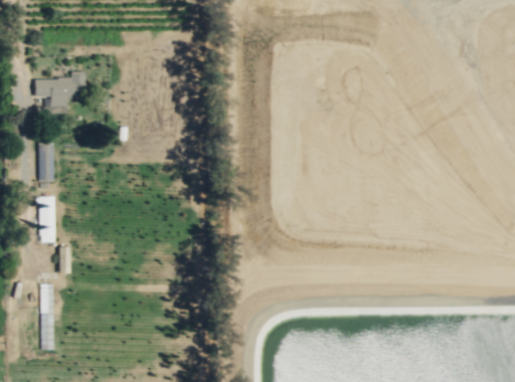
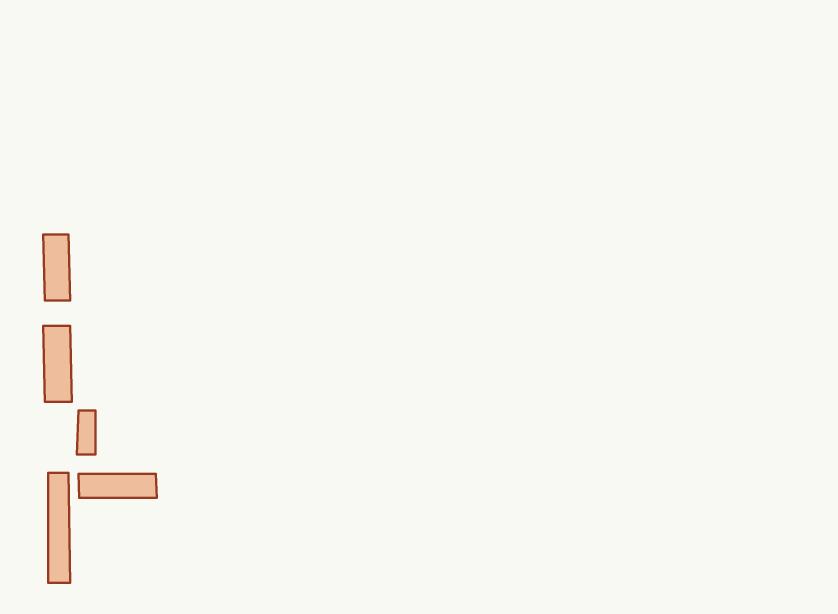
building: [34,71,85,107] -> none
building: none -> [78,474,157,498]

